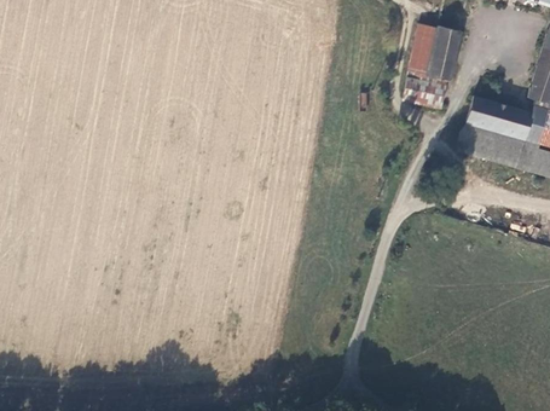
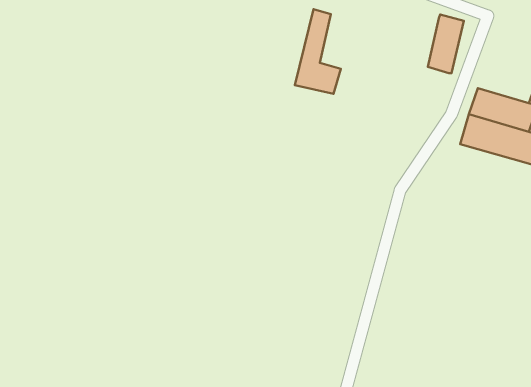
building: [403,22,447,104] -> [295,9,341,94]

